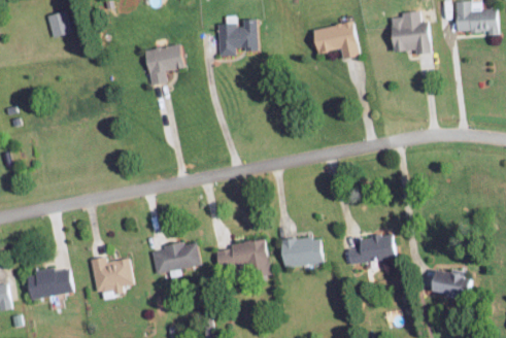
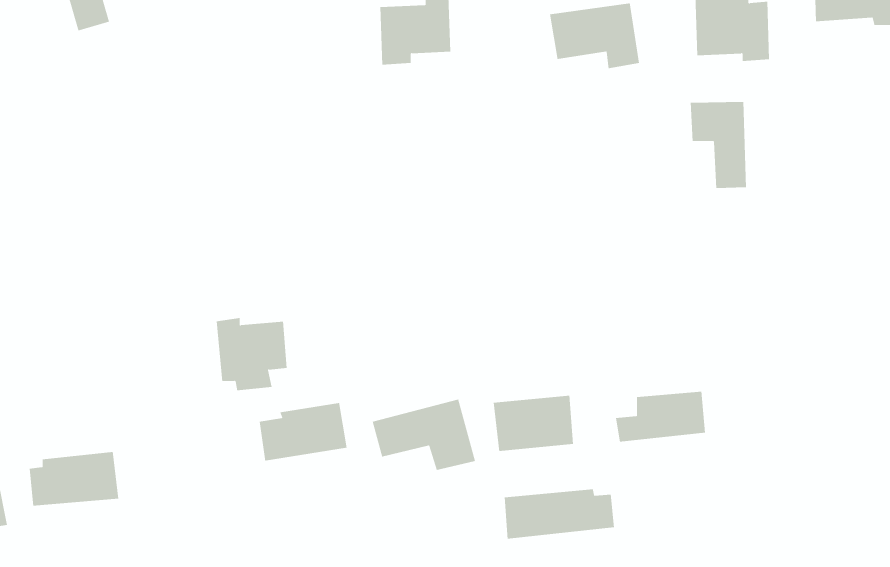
building: [144,43,187,84] -> none
building: none -> [690,101,747,189]
building: [92,257,131,297] -> [216,317,288,391]
building: [427,269,467,297] -> none
building: none -> [504,488,614,539]

